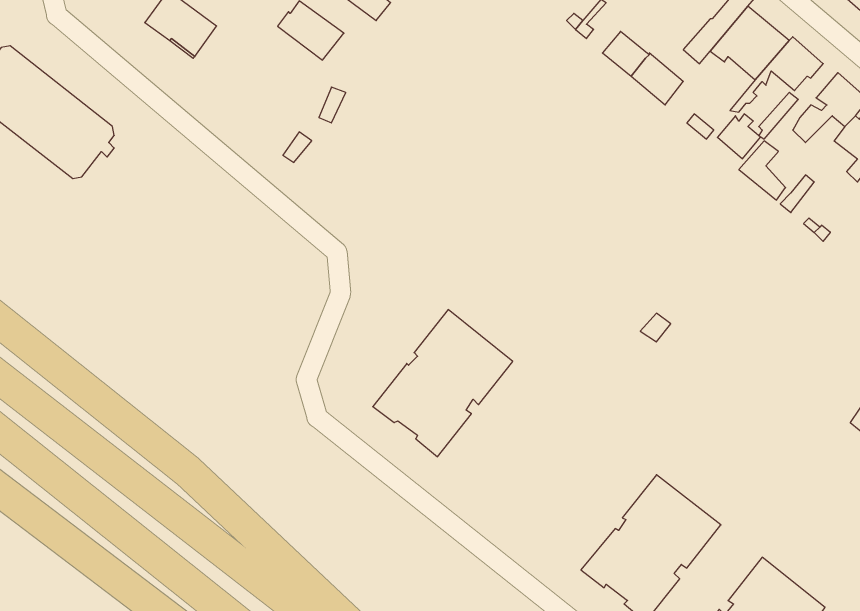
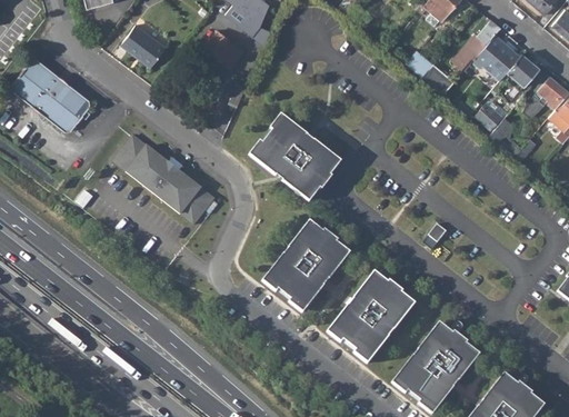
building: none -> [249,115,340,201]
building: none -> [113,135,214,224]
building: none -> [327,272,413,364]

